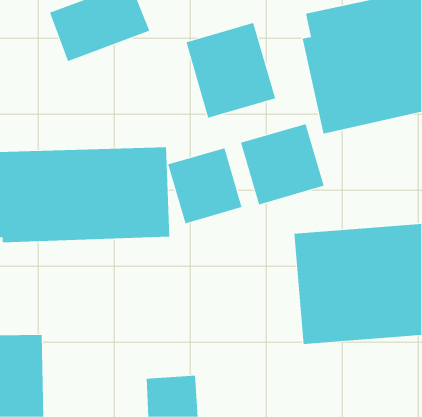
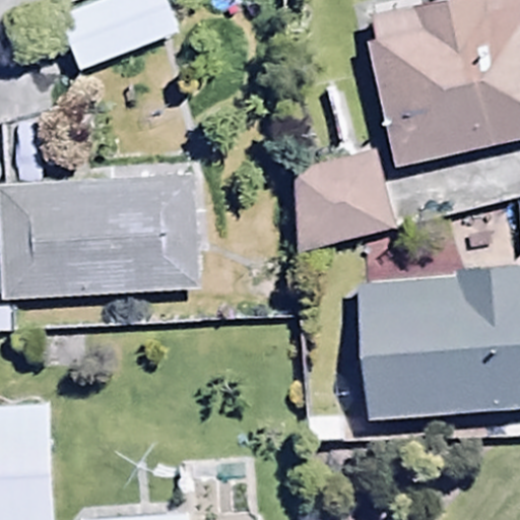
building: [186,22,276,118] -> none
building: [168,147,242,224] -> none

